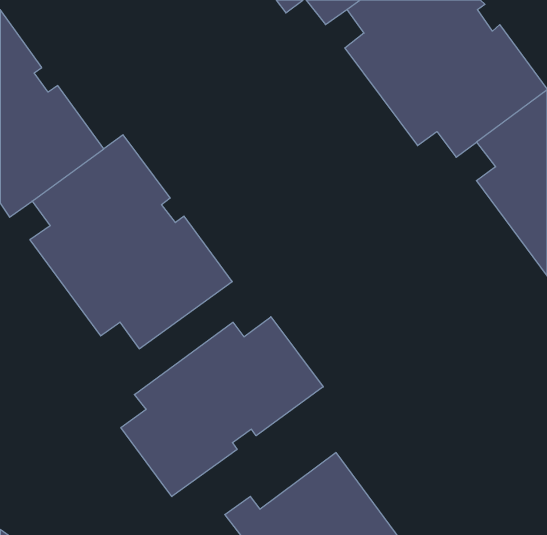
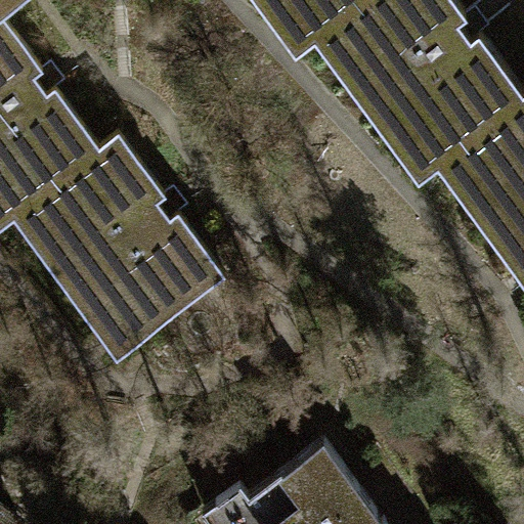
building: [121,317,323,497] -> none

